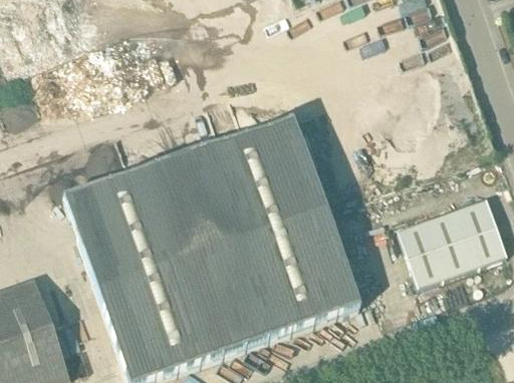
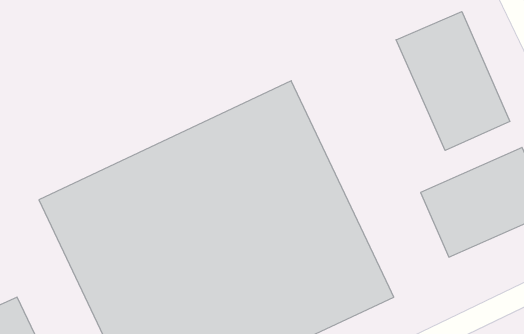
building: none -> [396,12,510,150]

